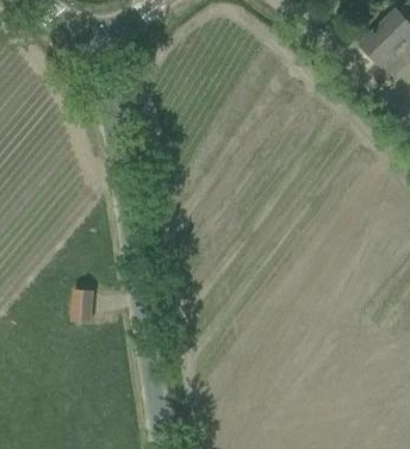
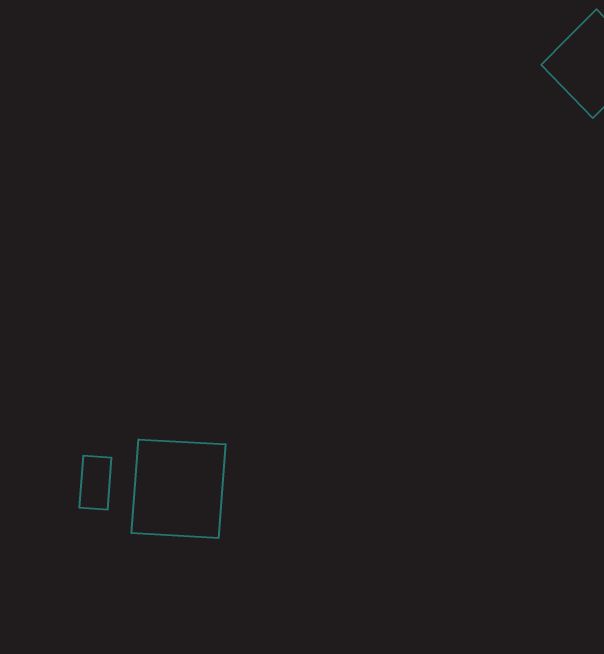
building: none -> [132,439,225,538]

